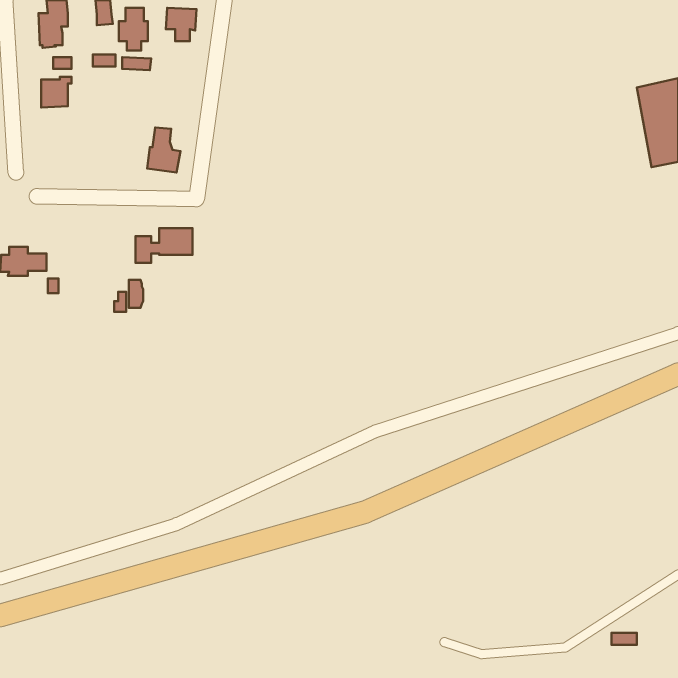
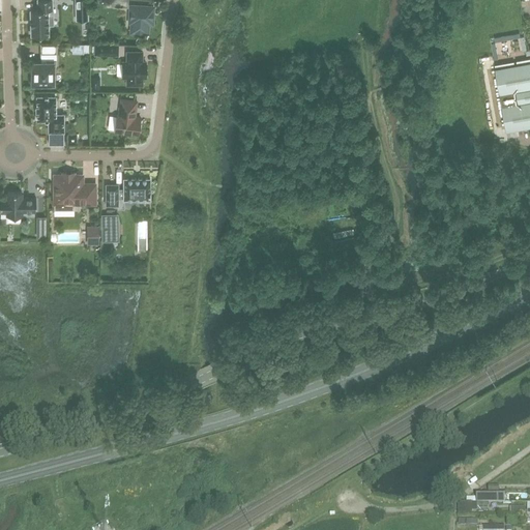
building: [119,8,148,50] -> [122,52,145,85]
building: none -> [36,96,63,131]
building: none -> [54,175,95,209]

